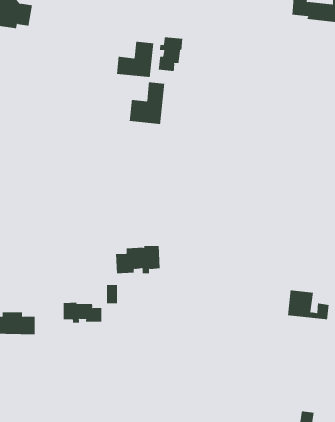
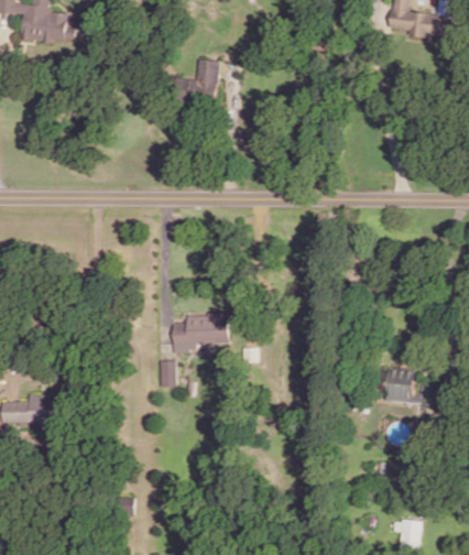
building: [158,36,183,72] -> none
building: [129,82,165,125] -> none
building: [63,302,102,324] -> none

